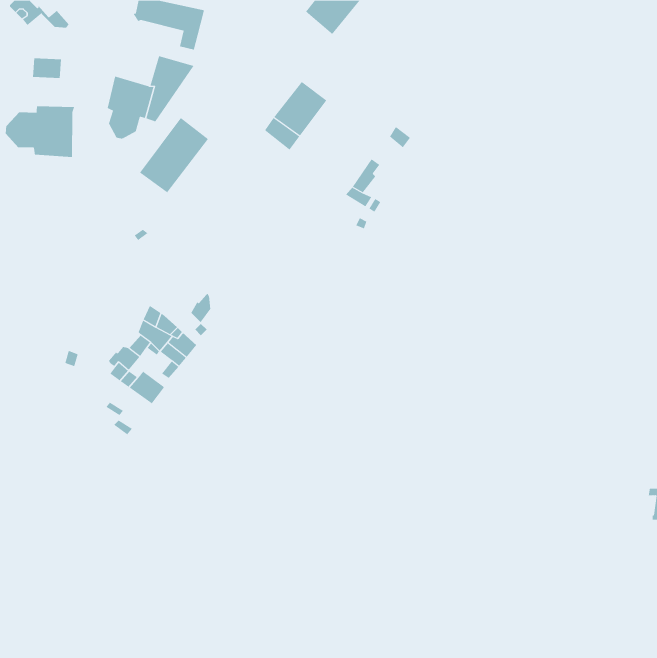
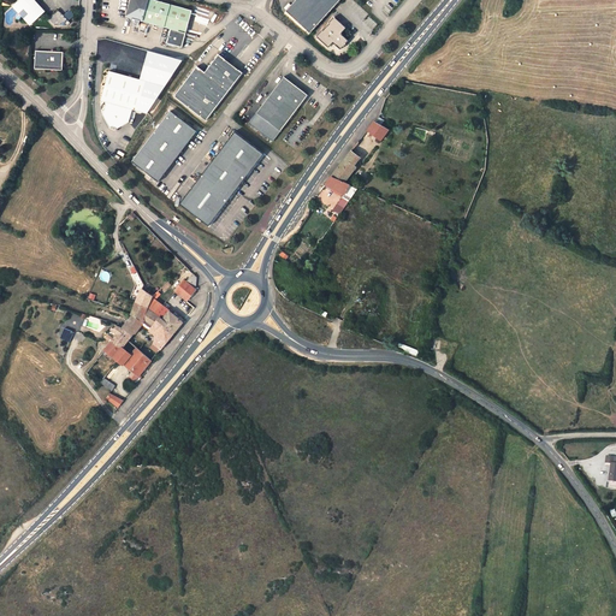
building: none -> [318,14,350,47]
building: none -> [173,54,242,120]
building: [5,106,75,158] -> none
building: none -> [179,131,263,226]

